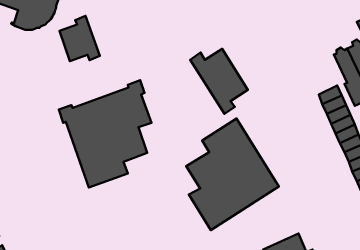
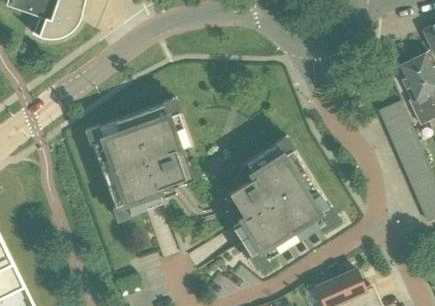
building: [60,16,100,61] -> none
building: [190,49,248,114] -> none

